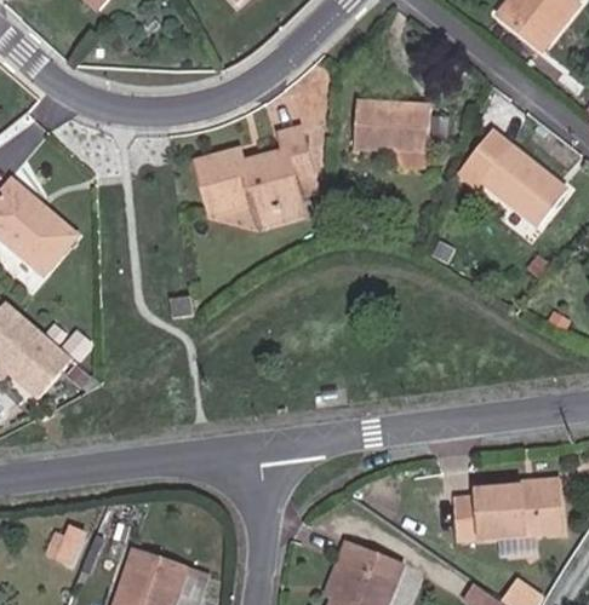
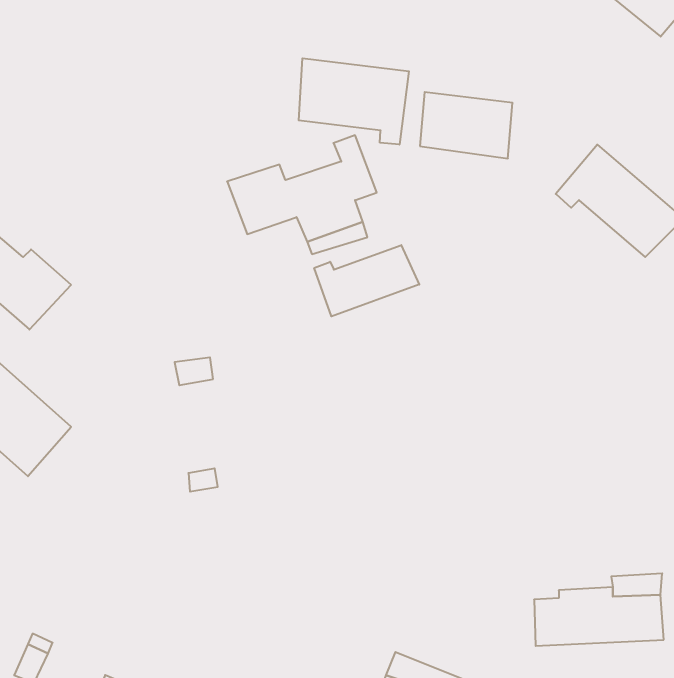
building: none -> [299,58,409,145]
building: none -> [314,245,419,316]

